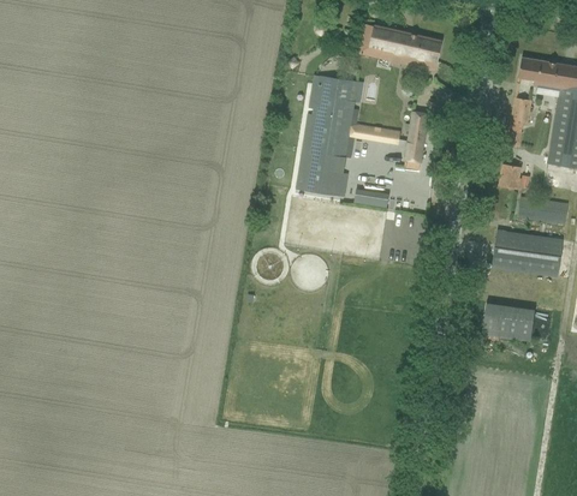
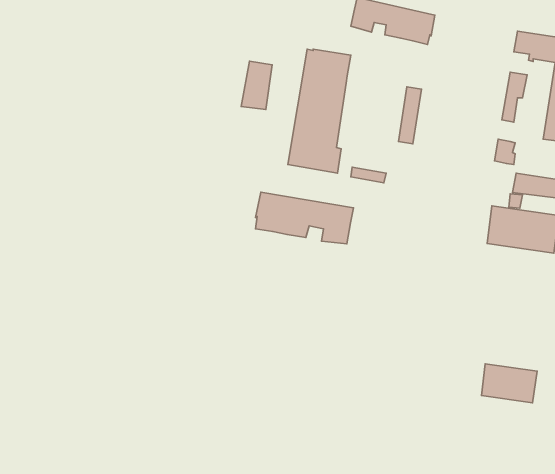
building: none -> [241,61,272,109]
building: none -> [255,192,354,244]
building: [486,304,541,342] -> [481,364,537,403]

